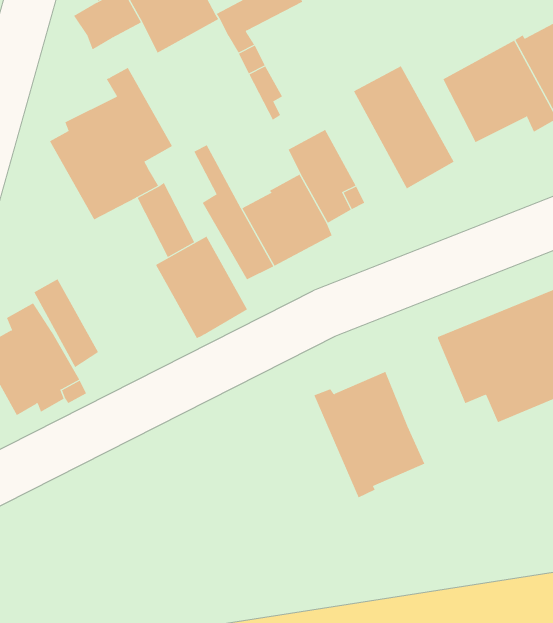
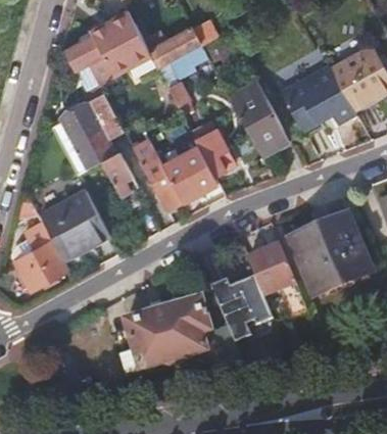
building: [155,236,248,339] -> [55,191,110,252]
building: none -> [248,244,308,316]
building: none -> [127,298,210,369]

